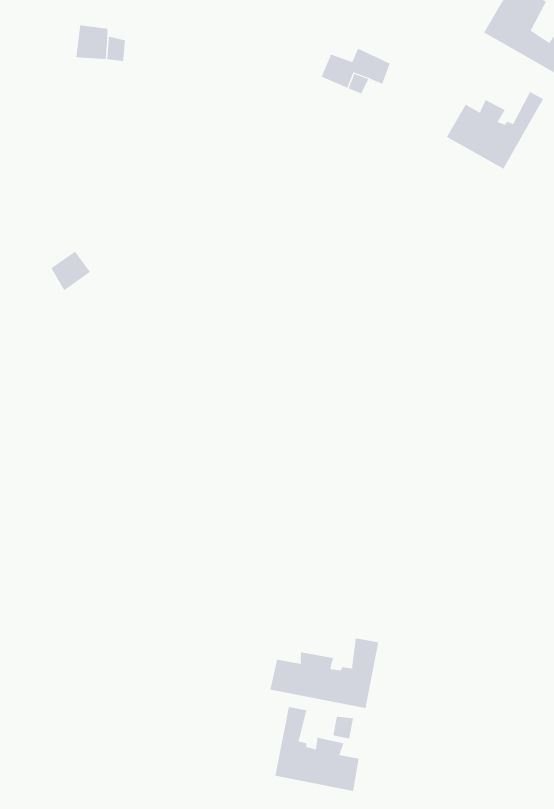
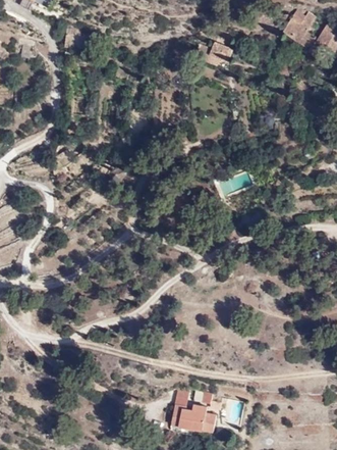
building: [446,91,544,170] -> none
building: [270,637,379,709] -> none

